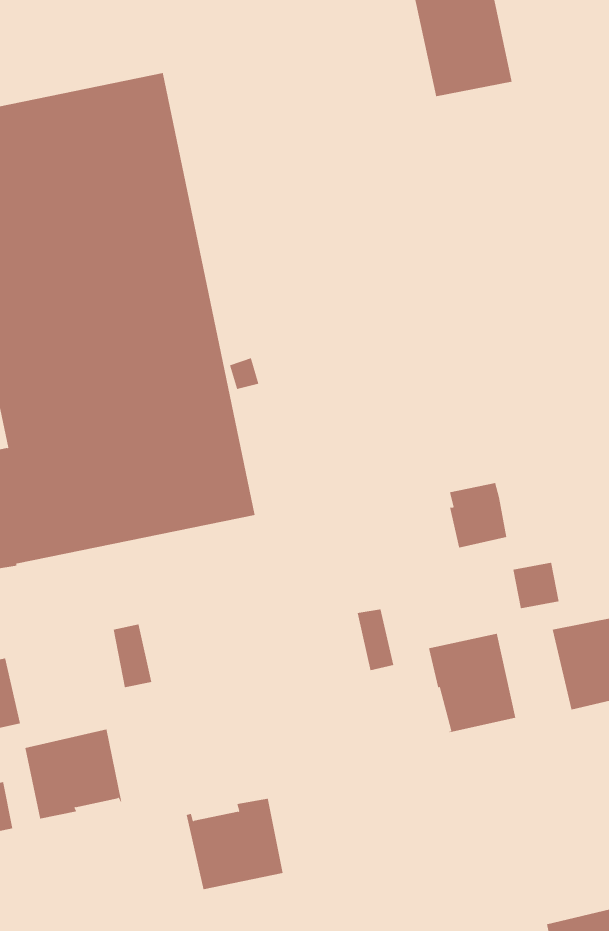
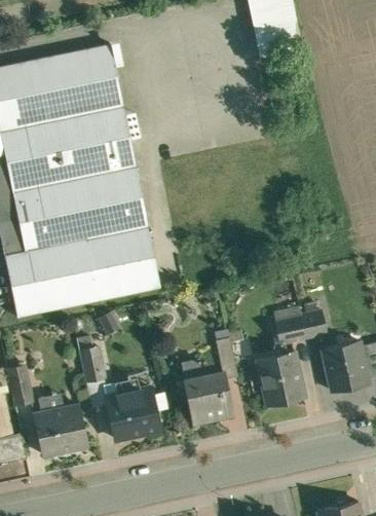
building: [449,483,507,548] -> [273,308,305,344]
building: none -> [184,376,232,421]
building: [186,798,283,890] -> [105,388,158,438]

